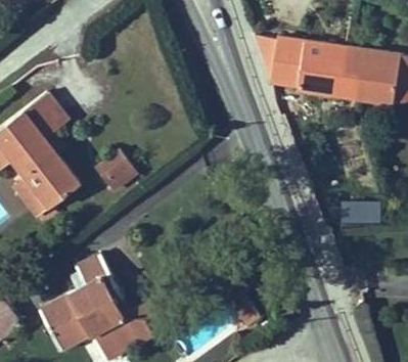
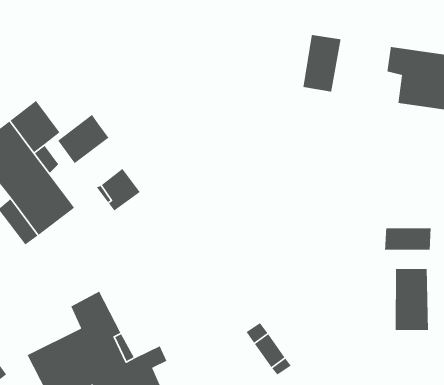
building: [296,42,354,96] -> none
building: none -> [57,114,109,164]
building: none -> [395,268,429,331]

